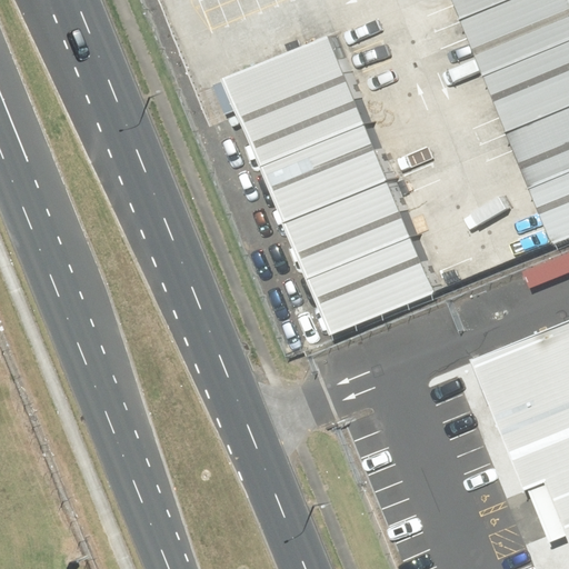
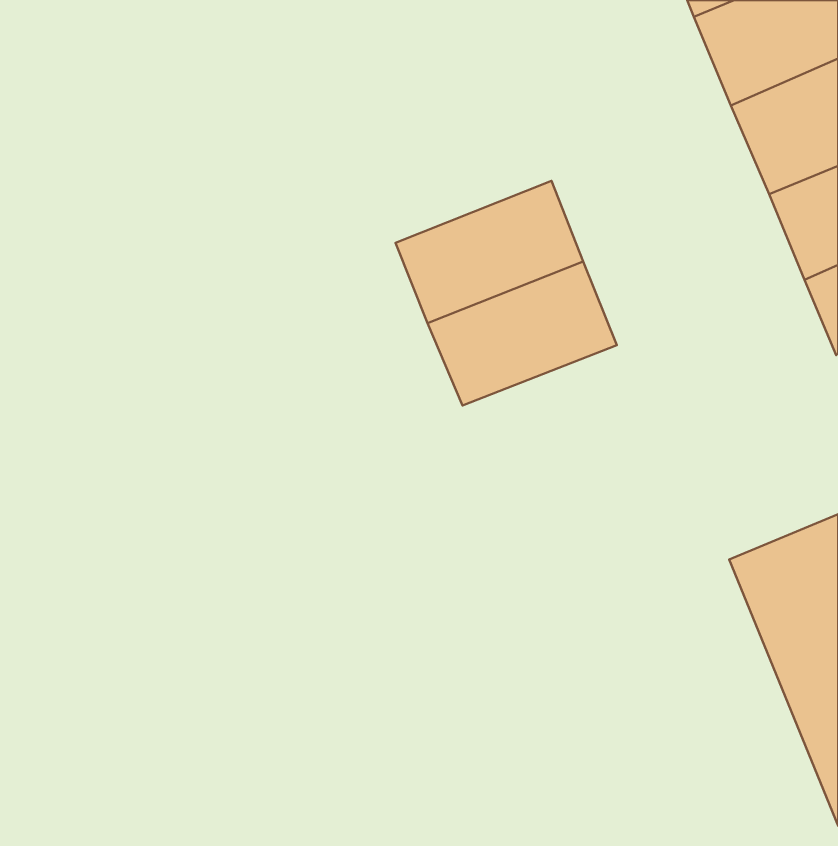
building: [226,38,366,168] -> none
building: [307,236,431,331] -> none

